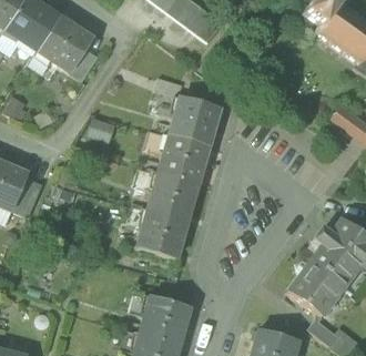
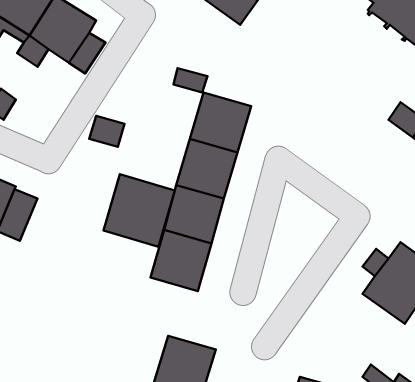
building: none -> [104,174,175,247]
building: [288,261,345,316] -> none

